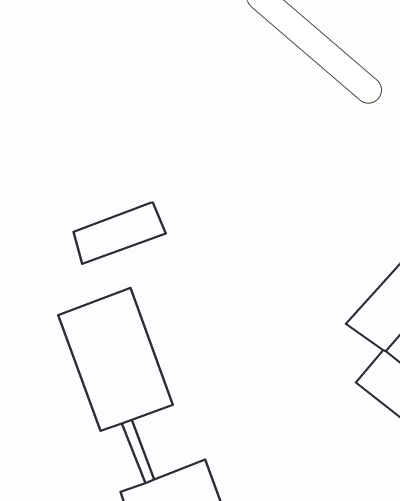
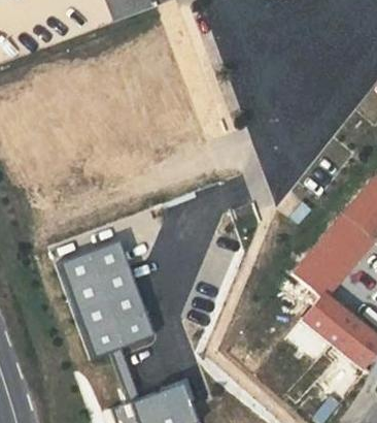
building: [73,202,166,264] -> none

